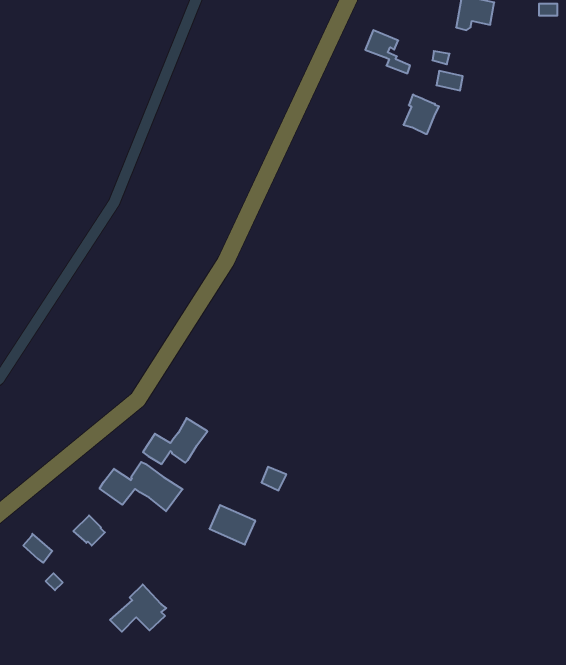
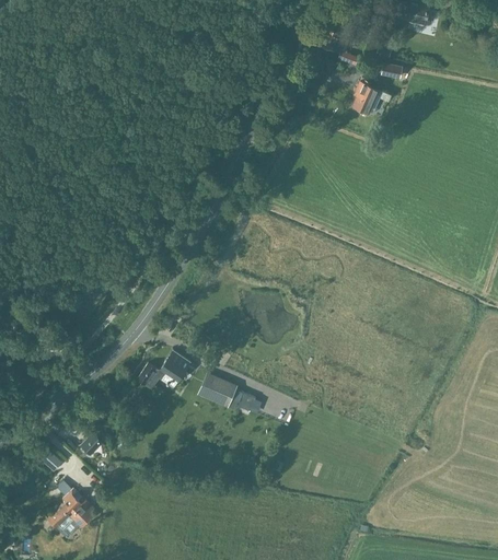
building: [100,462,183,511] -> none
building: [209,505,255,545] -> [198,374,236,407]
building: [110,584,166,632] -> [46,489,93,528]

